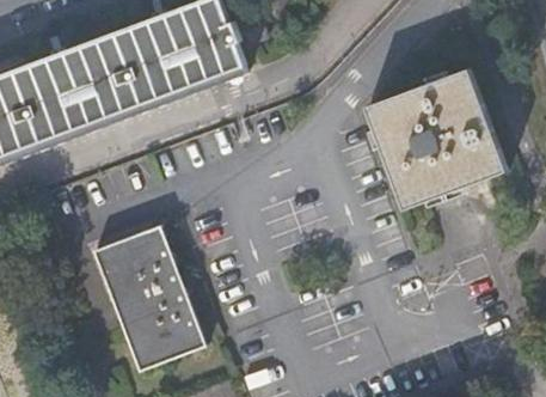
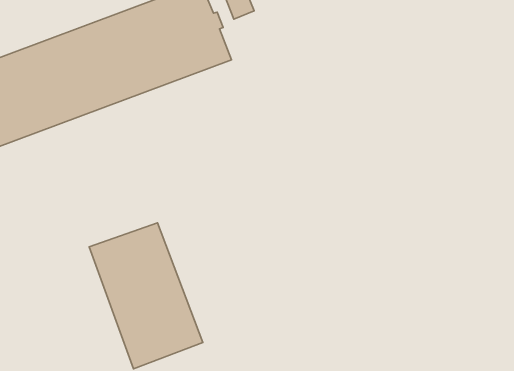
building: [358,55,513,209] -> none

